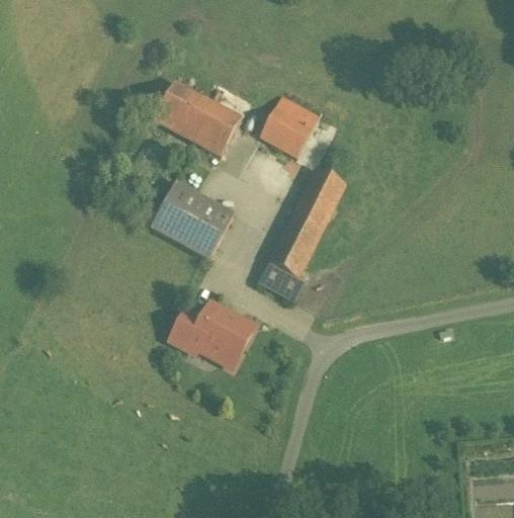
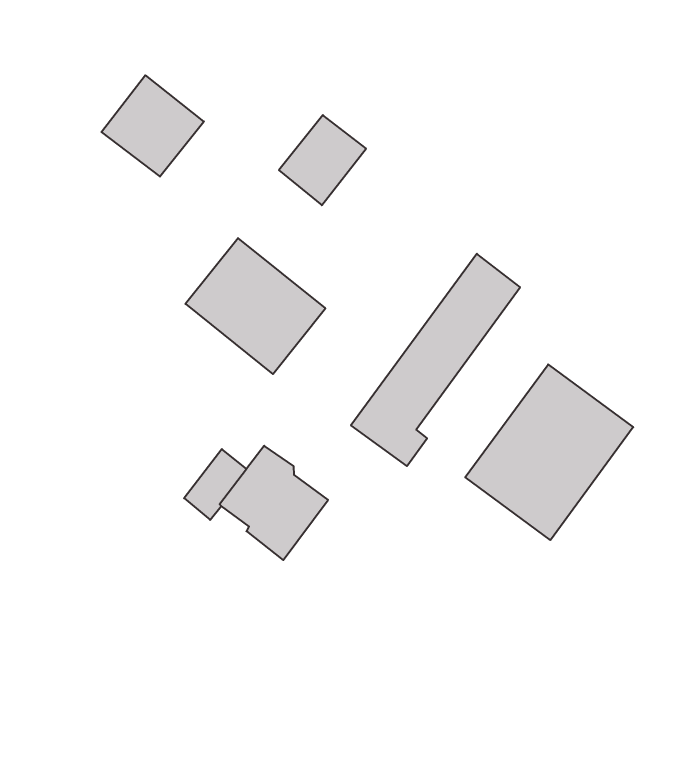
building: [155,82,213,140] -> [101,75,204,177]
building: [261,95,319,156] -> none
building: none -> [465,364,633,540]

